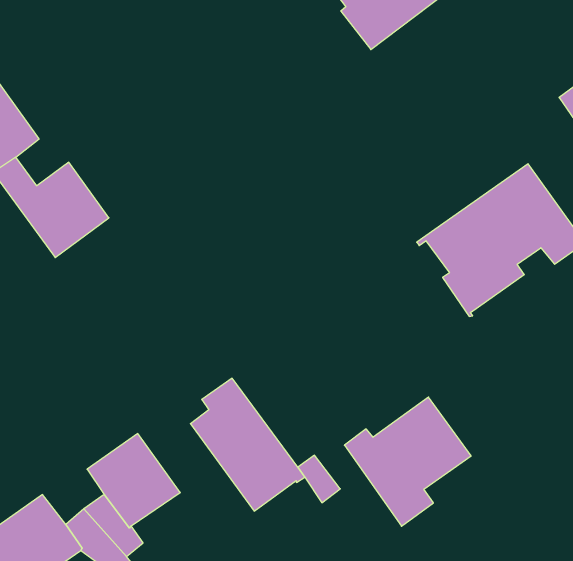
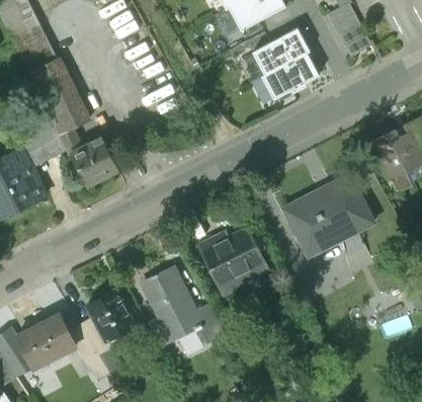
building: [344,397,471,526] -> [198,226,266,294]

